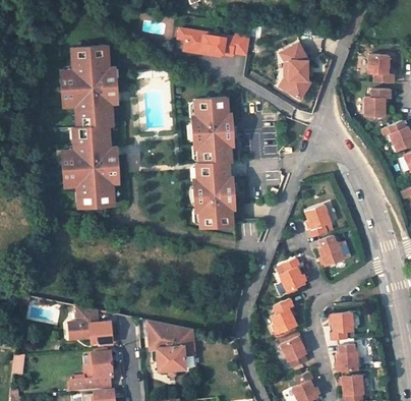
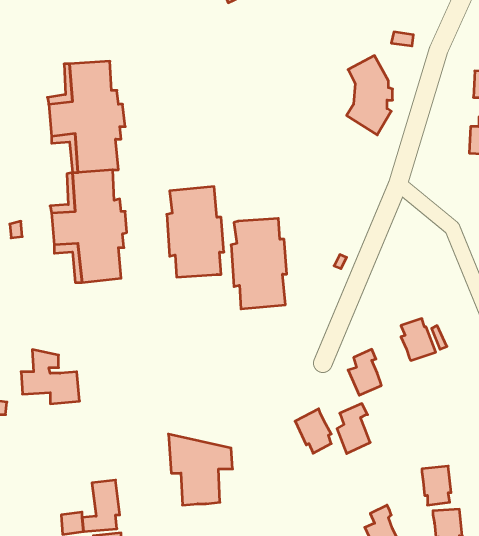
building: [177,30,248,58] -> none
building: [191,99,233,165] -> [167,187,224,277]
building: [305,207,330,238] -> none
building: [69,306,112,346] -> [21,350,80,404]
building: [330,312,352,341] -> none
building: [280,336,306,368] -> [295,409,331,453]

